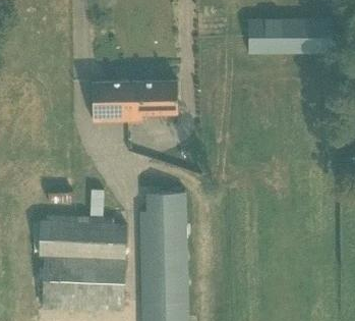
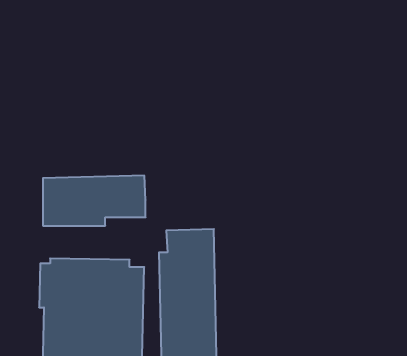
building: [248,18,331,52] -> none
building: [92,79,177,121] -> [43,176,146,226]

